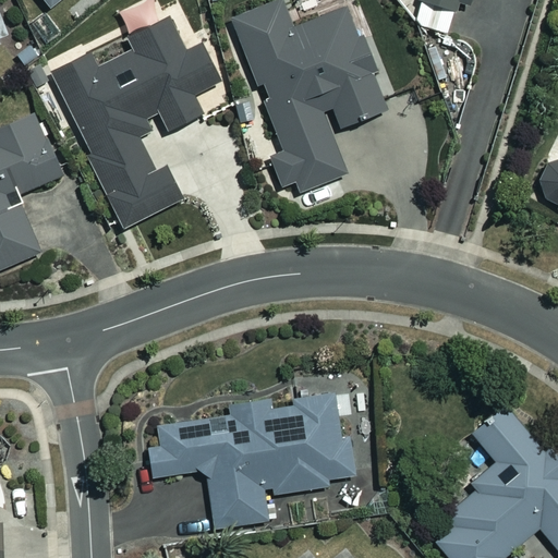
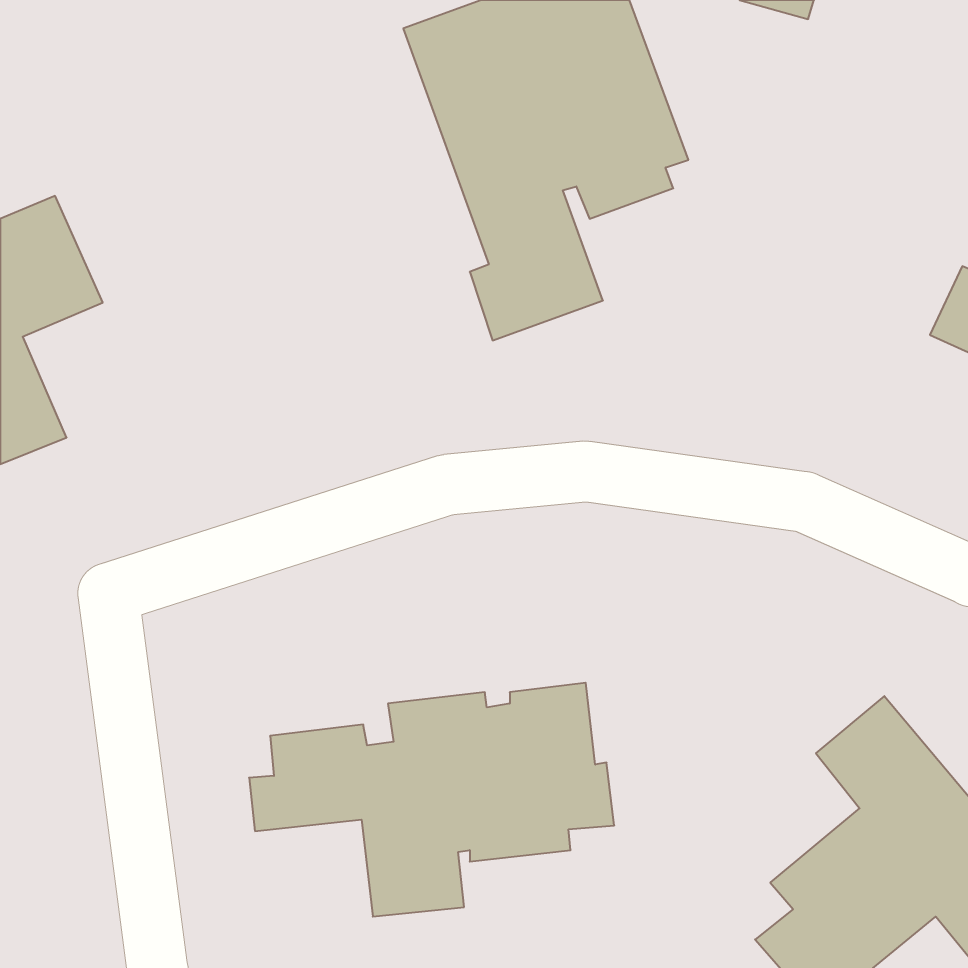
building: [53,16,218,227] -> none

